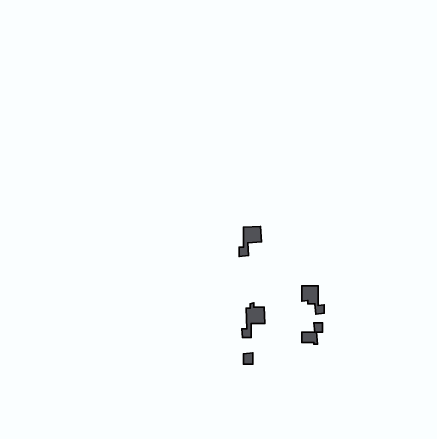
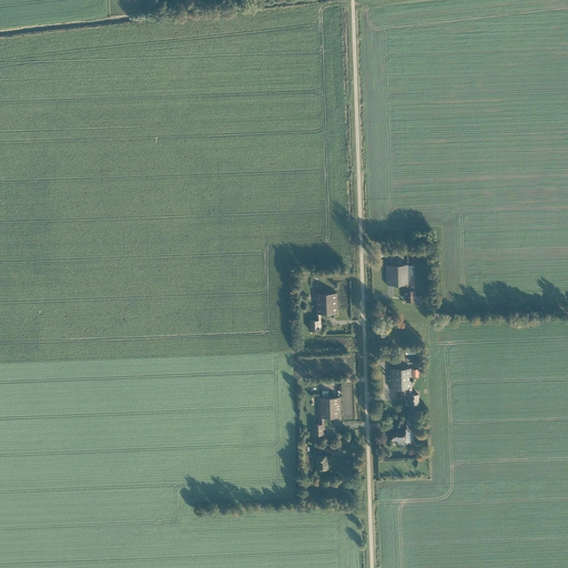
building: none -> [388,265,418,302]

